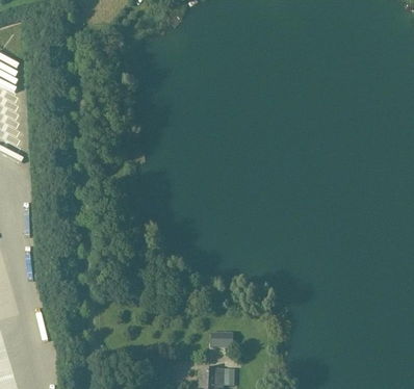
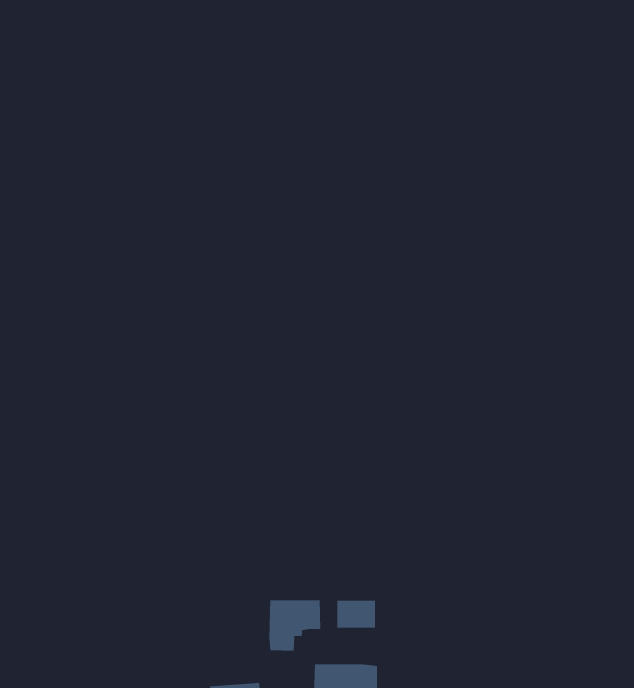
building: none -> [269,600,321,652]

